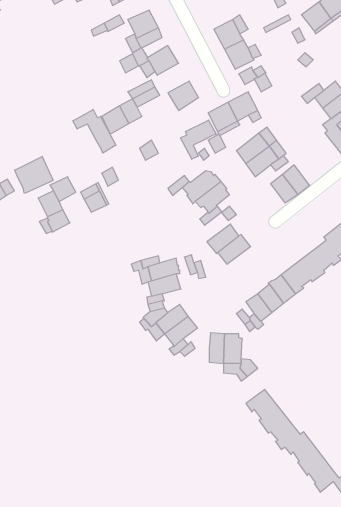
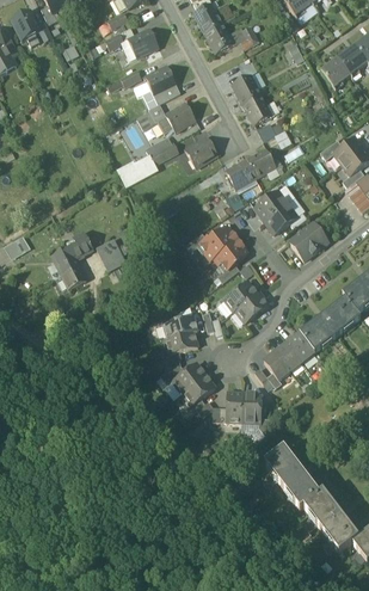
building: [73,109,116,153] -> none
building: [180,120,216,159] -> none
building: [15,156,53,193] -> none

